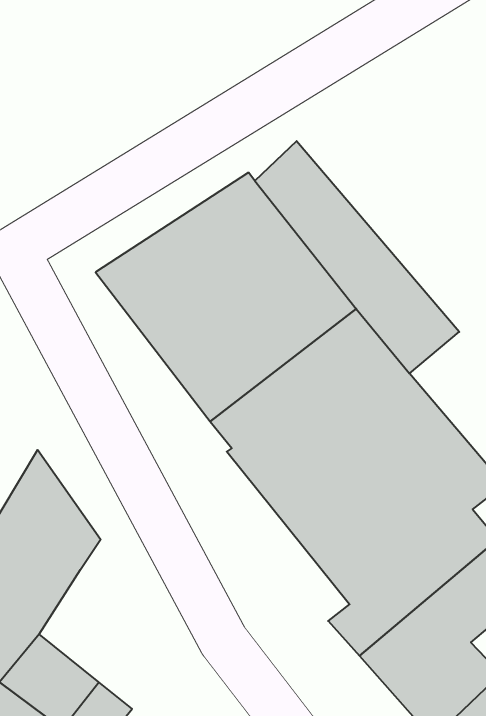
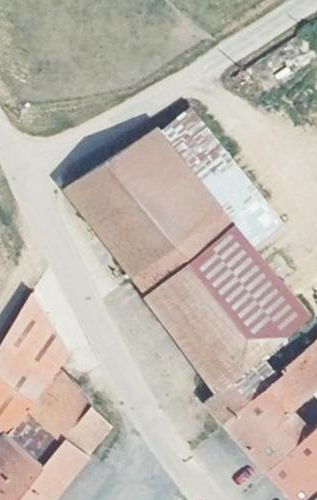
building: none -> [31,371,109,455]

